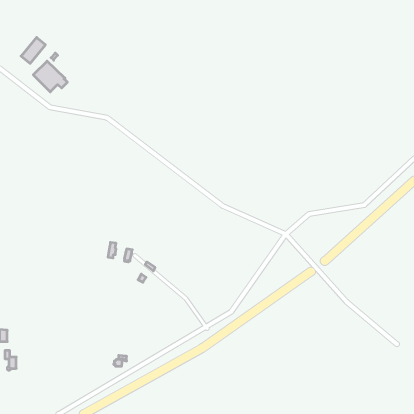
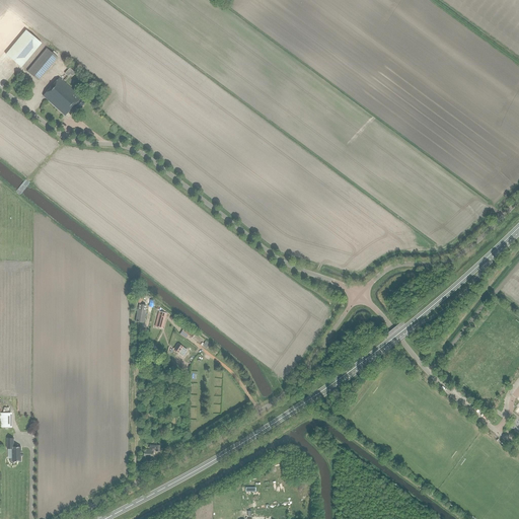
building: none -> [4,28,41,66]

